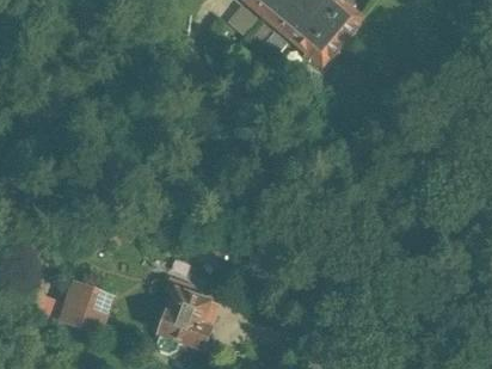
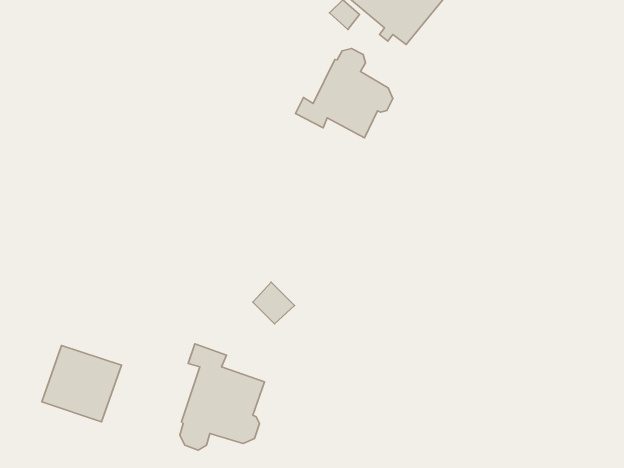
building: none -> [295,48,393,138]

